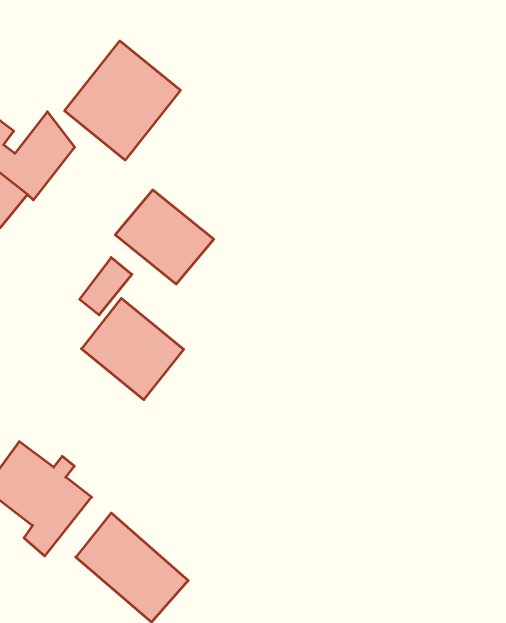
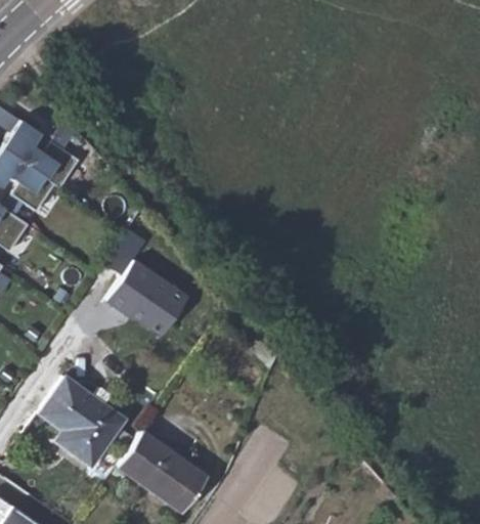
building: [65,41,180,160] -> none
building: [115,190,214,284] -> none

